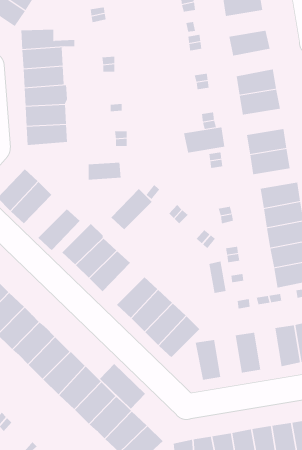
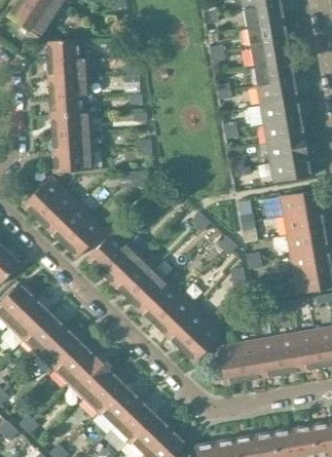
building: none -> [247,22,287,47]
building: none -> [254,60,294,86]
building: [183,127,225,153] -> [263,118,304,144]
building: none -> [52,151,94,173]
building: [111,188,153,230] -> [126,269,168,310]
building: none -> [49,202,91,244]
building: none -> [275,333,301,374]
building: none -> [236,340,262,381]
building: [99,363,146,410] -> none

